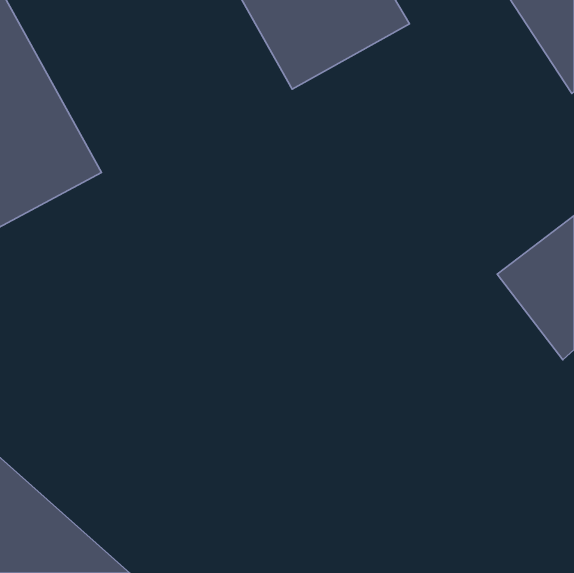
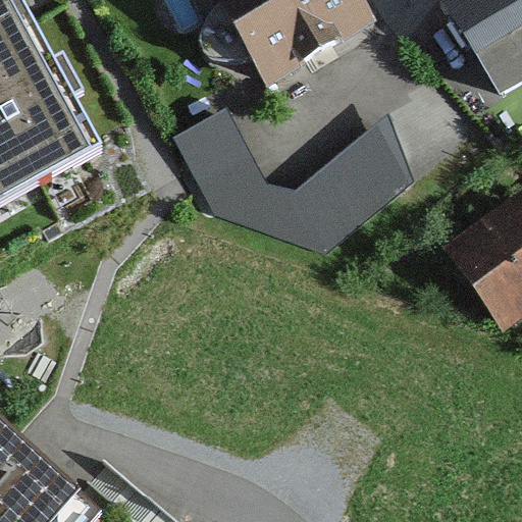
building: none -> [172,113,412,251]

